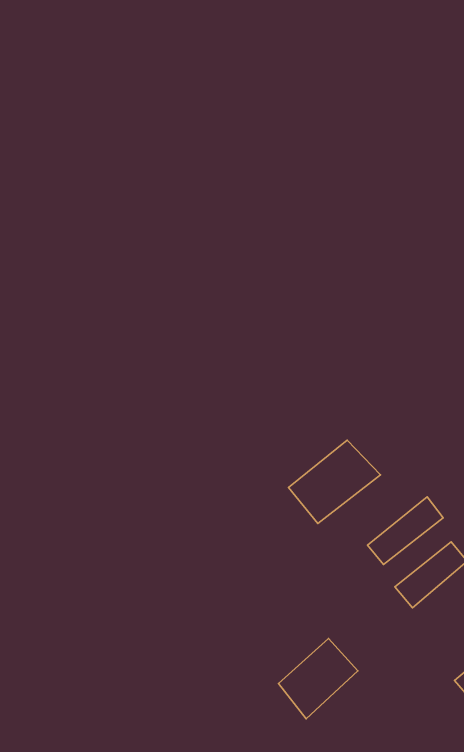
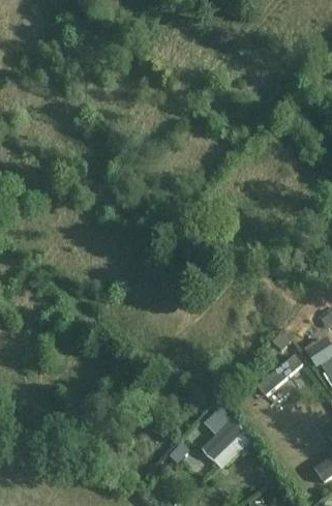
building: [289,440,380,524] -> none

